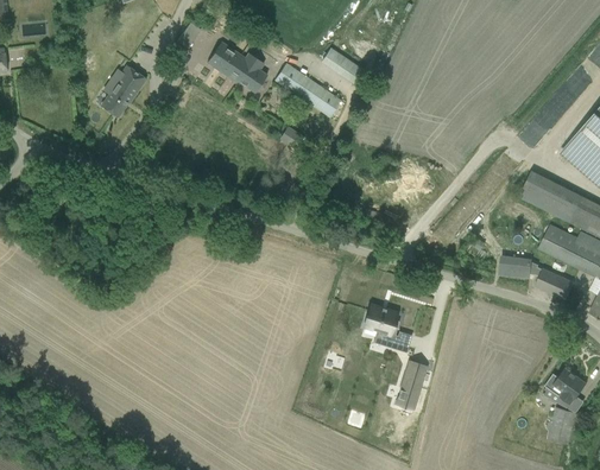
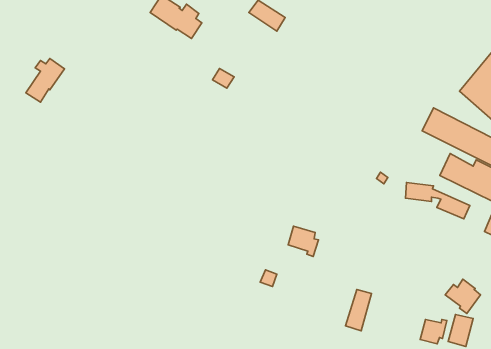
building: [274,63,341,116] -> none
building: [101,66,145,116] -> [26,59,64,102]
building: [396,361,425,408] -> [345,289,371,331]
building: none -> [420,320,447,344]

